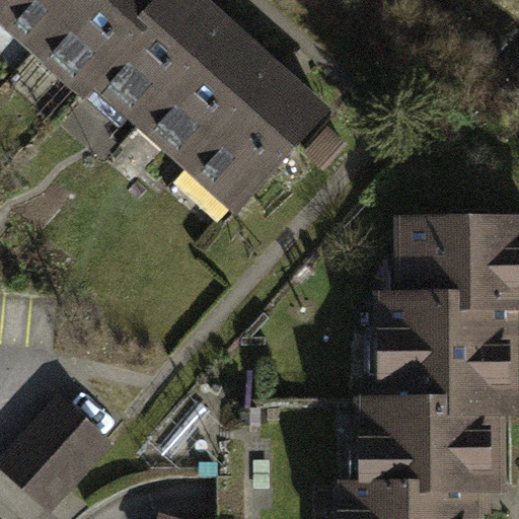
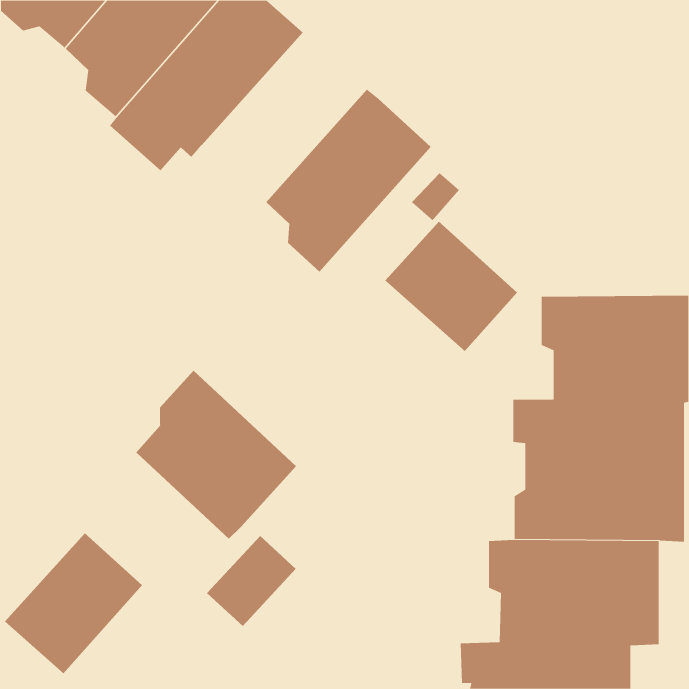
building: [152,24,276,161] -> none
building: none -> [385,221,518,352]
building: none -> [135,370,297,539]

